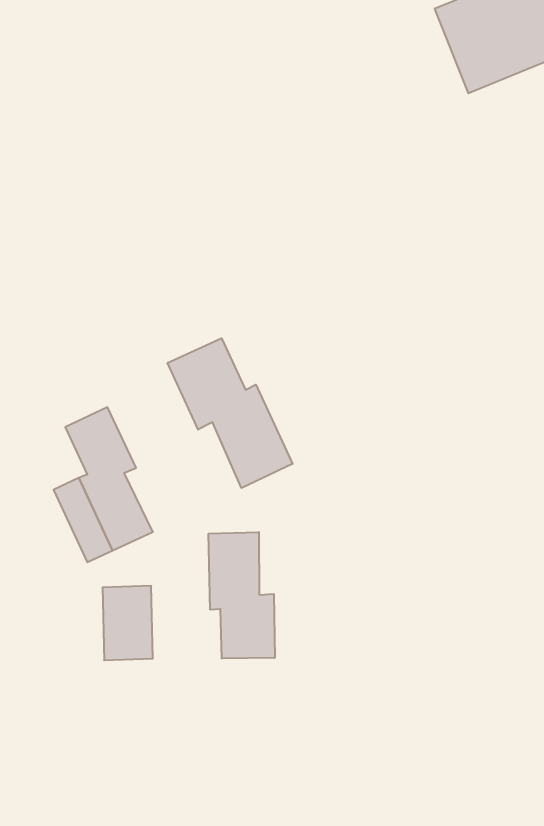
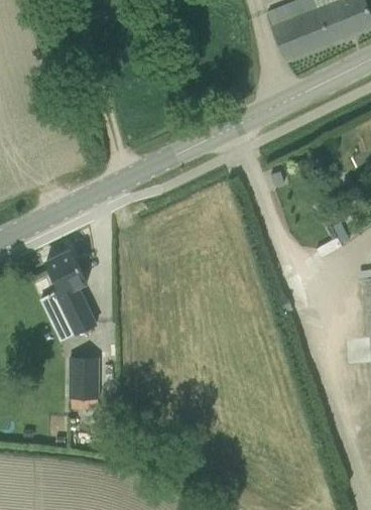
building: [168,338,293,488] -> none
building: [209,532,275,659] -> none

